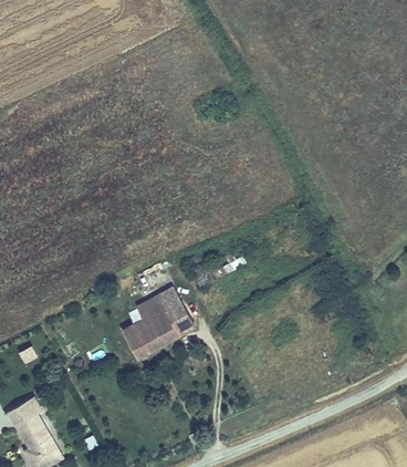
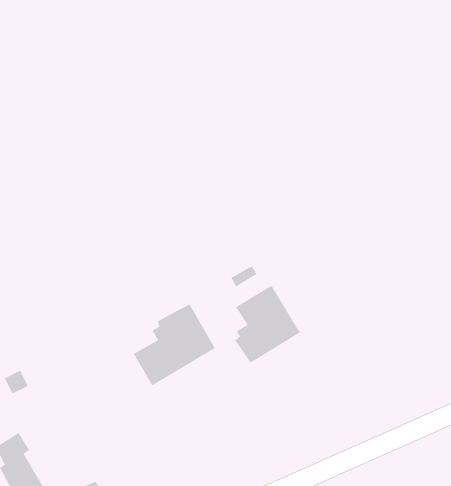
building: none -> [235,285,300,363]

